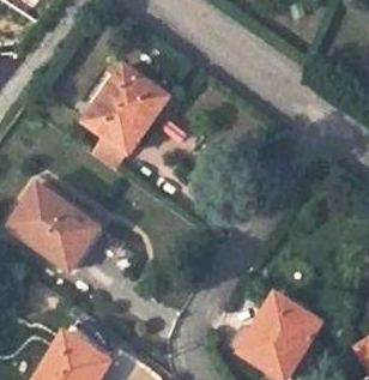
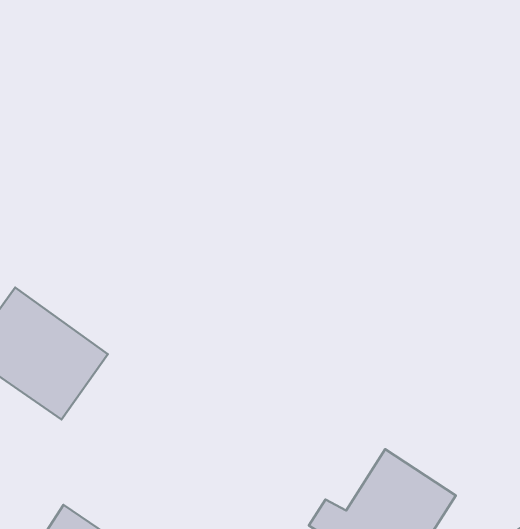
building: [80,68,165,156] -> none

